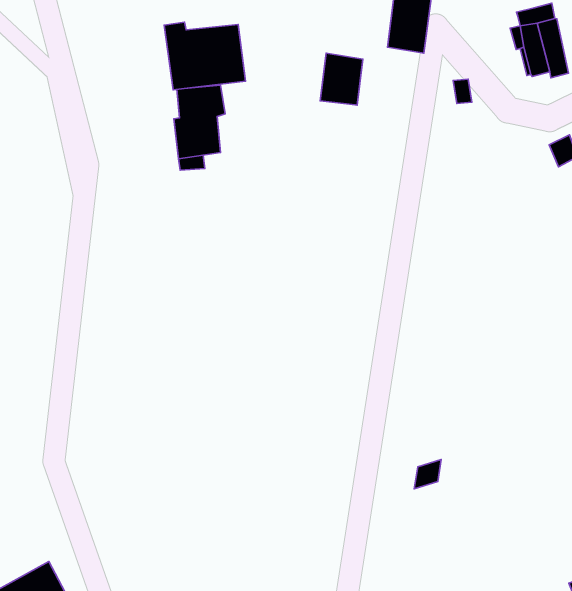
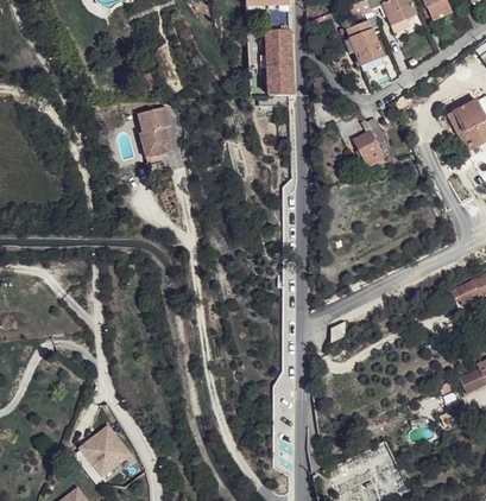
building: [164,22,245,90] -> none
building: [320,53,363,105] -> [267,65,292,96]
building: none -> [354,116,386,169]

